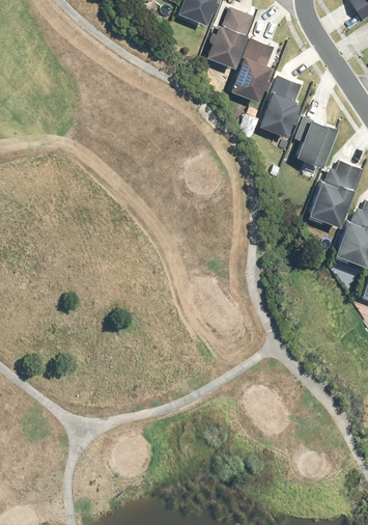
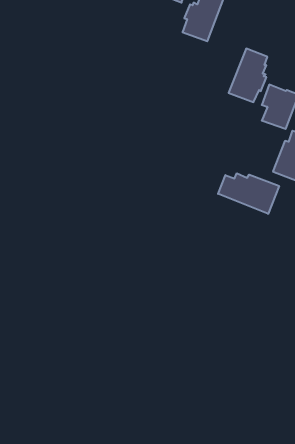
building: [230,38,275,102] -> none
building: none -> [218,173,279,214]

